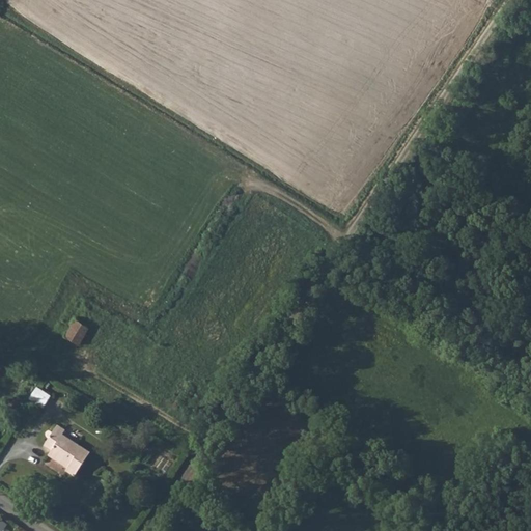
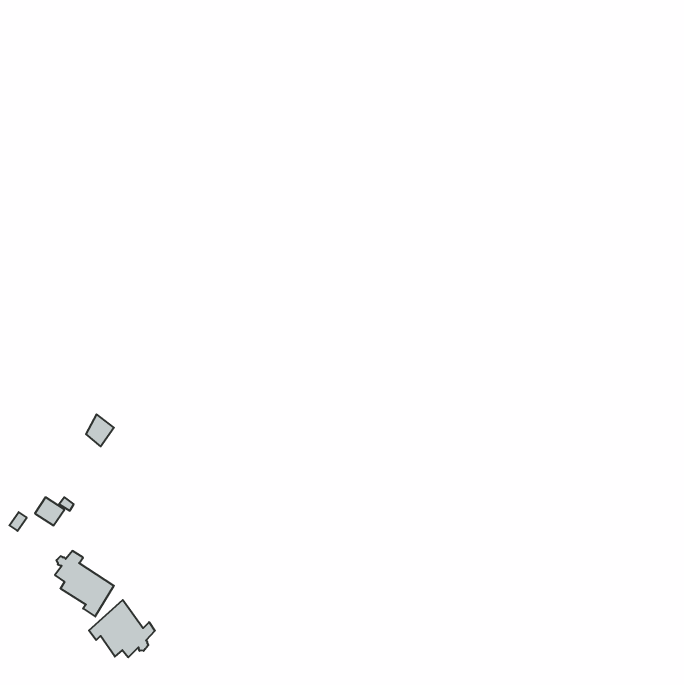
building: none -> [89,600,155,657]

